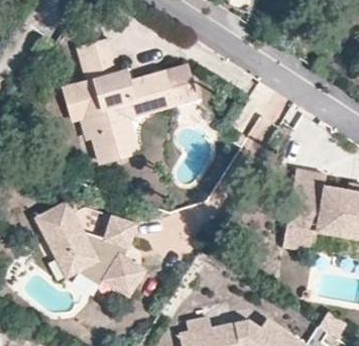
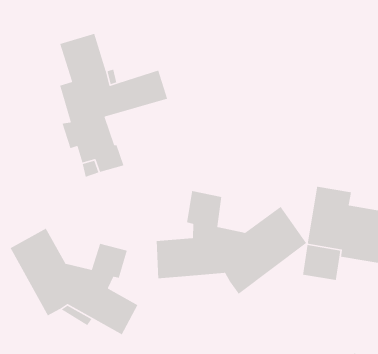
building: [116,64,194,151] -> none
building: none -> [156,190,307,295]

